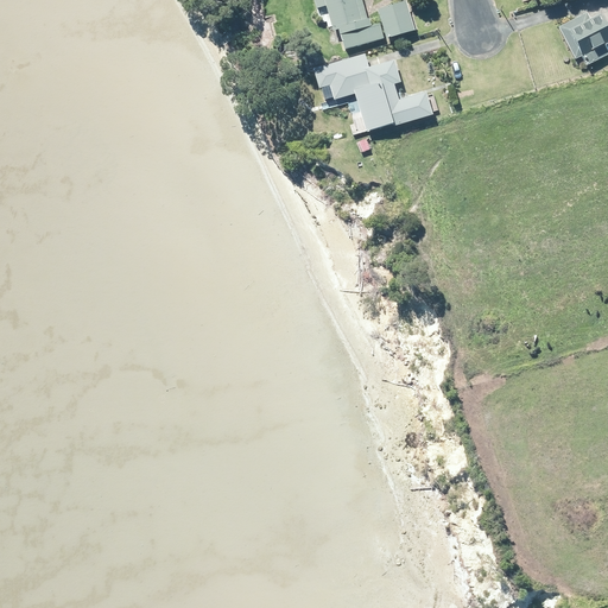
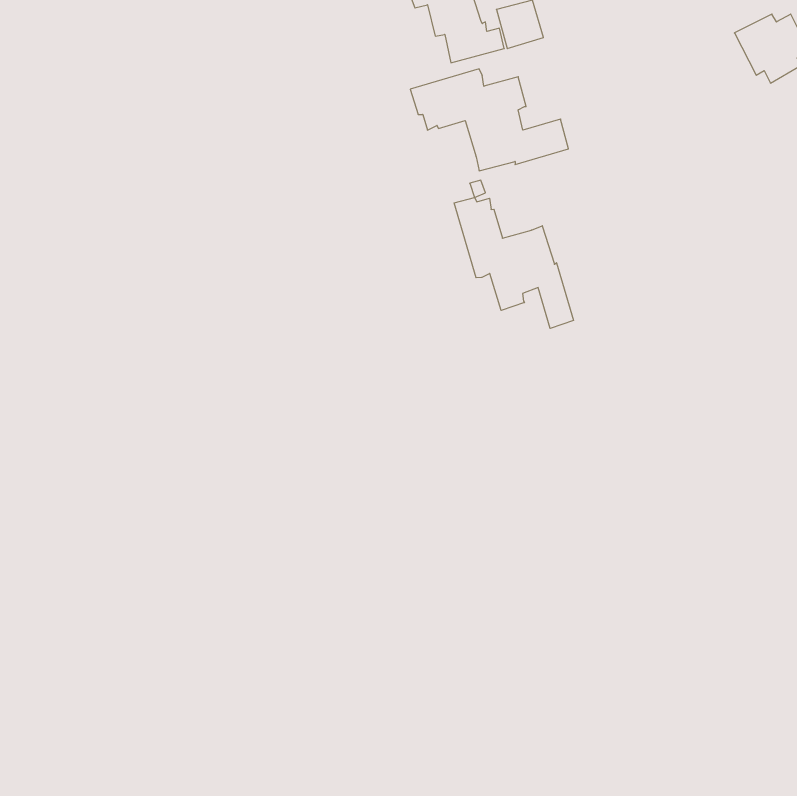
building: none -> [454,197,573,328]

